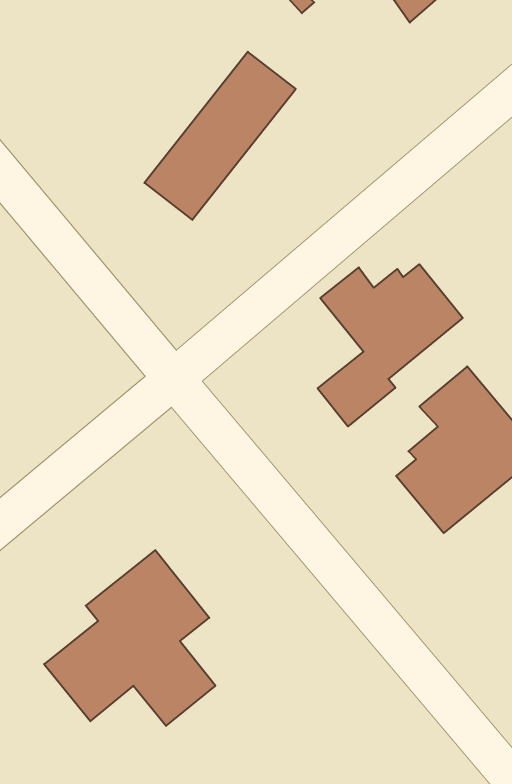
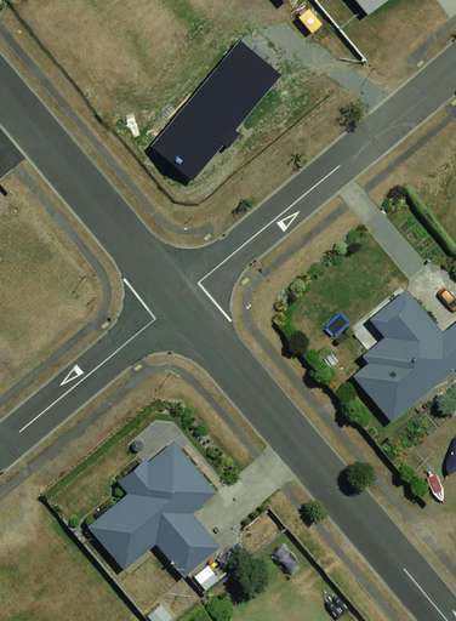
building: [318,264,463,426] -> none

